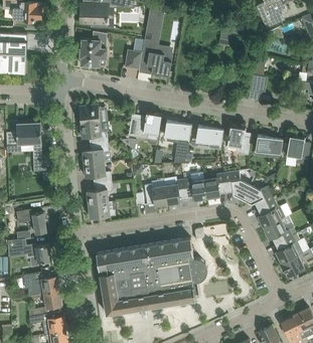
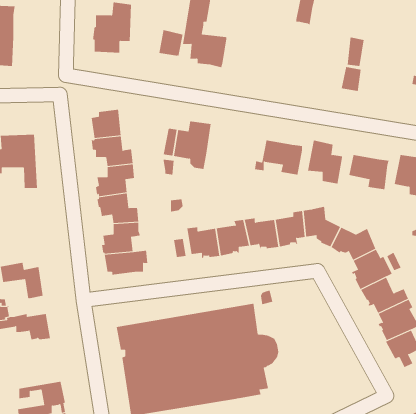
building: [164,121,192,163] -> none
building: [28,273,58,296] -> none

